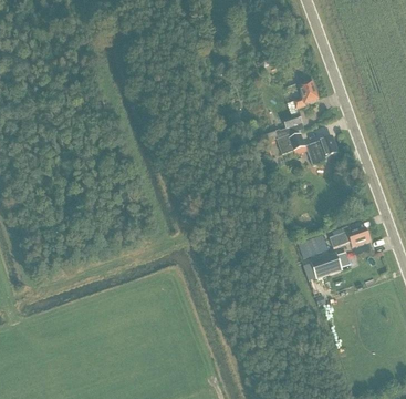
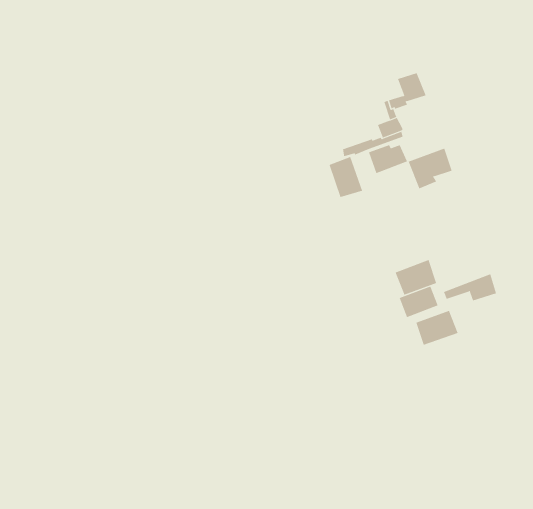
building: none -> [329,156,363,198]
building: none -> [395,259,437,295]

